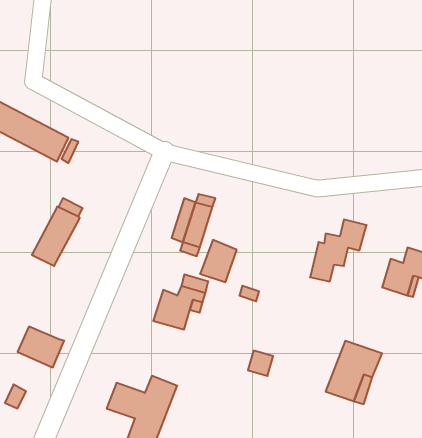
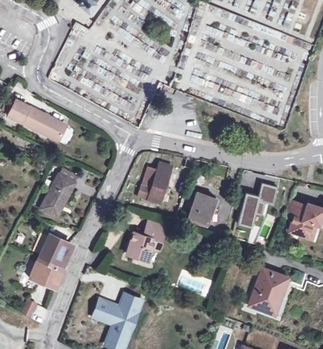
building: [200,240,237,282] -> [189,193,215,223]
building: none -> [38,234,70,268]

